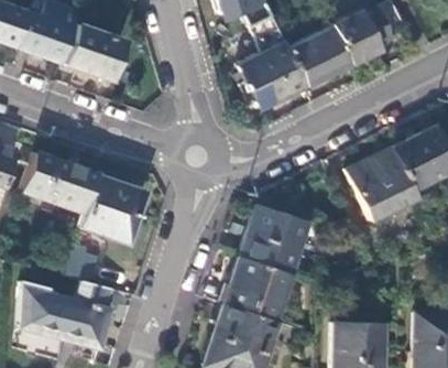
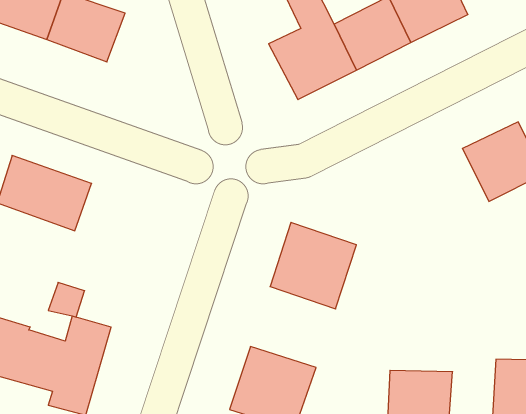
building: [347,148,416,220] -> none
building: [80,175,146,245] -> none
building: [223,257,291,321] -> none

